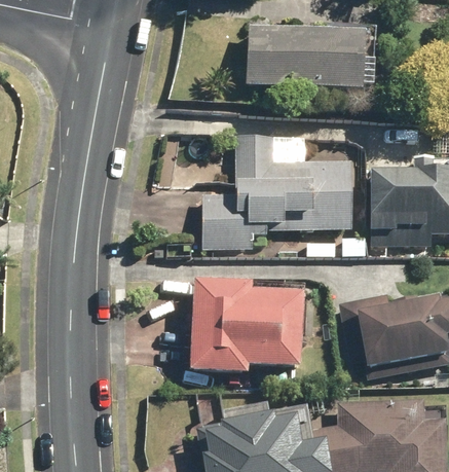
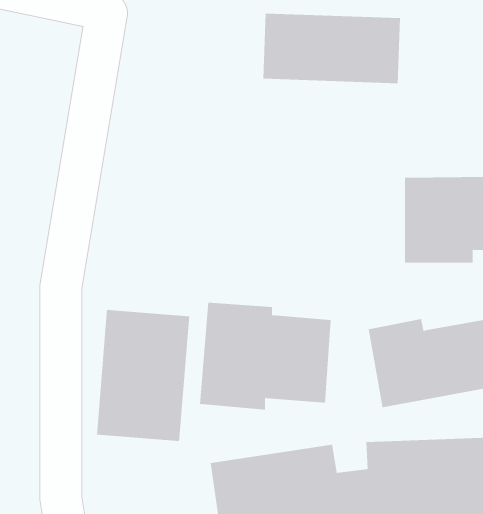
building: [202,135,352,249] -> none
building: none -> [96,309,190,442]

